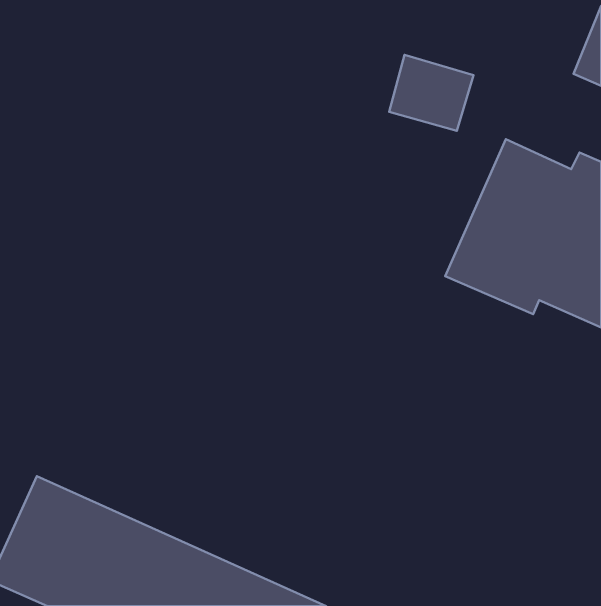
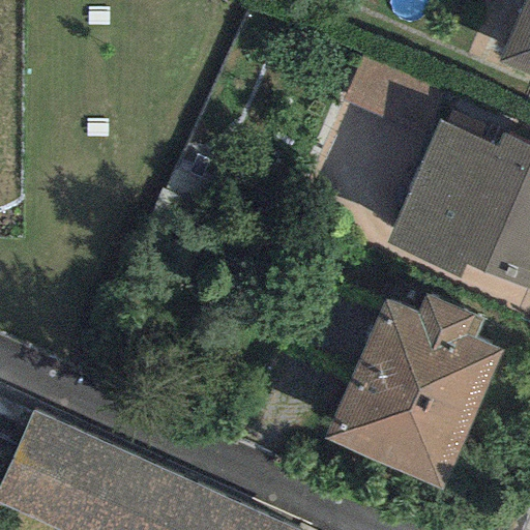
building: none -> [328,294,504,488]

